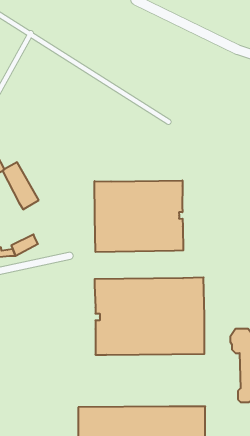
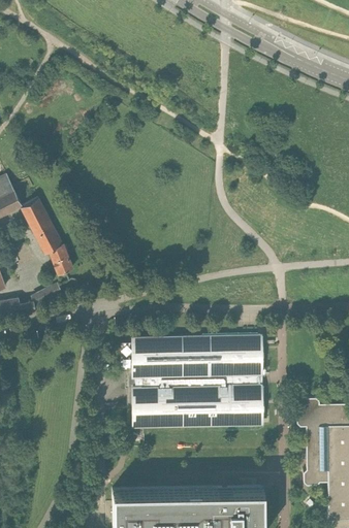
building: [95,180,183,252] -> none
building: none -> [47,242,73,275]

